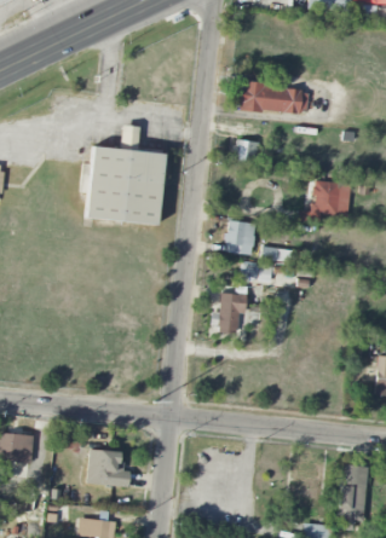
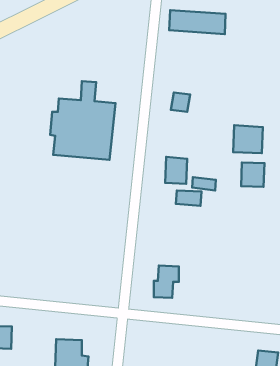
building: [237,83,309,114] -> [169,10,226,34]
building: none -> [241,163,264,187]
building: [214,293,246,334] -> [154,265,179,298]

